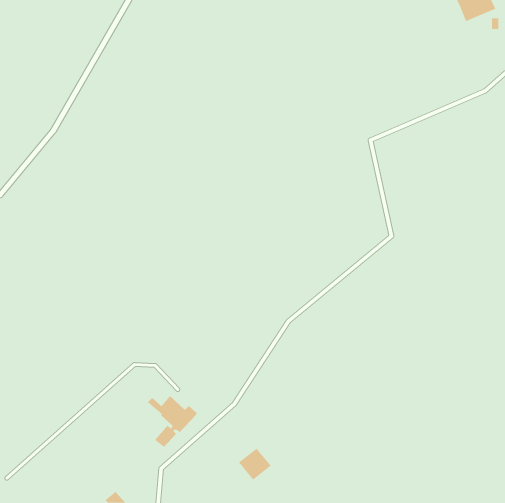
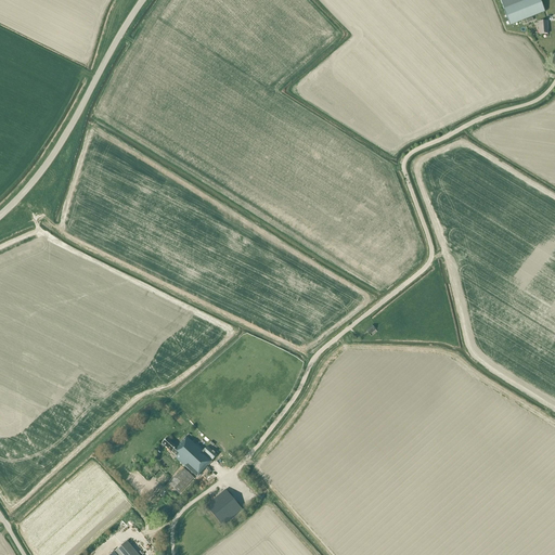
building: [238,448,272,480] -> [206,488,243,524]

